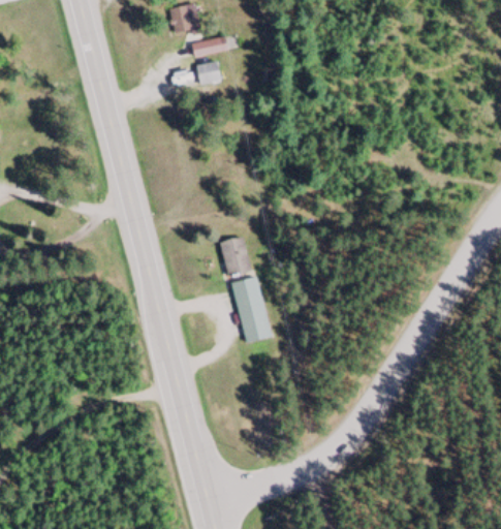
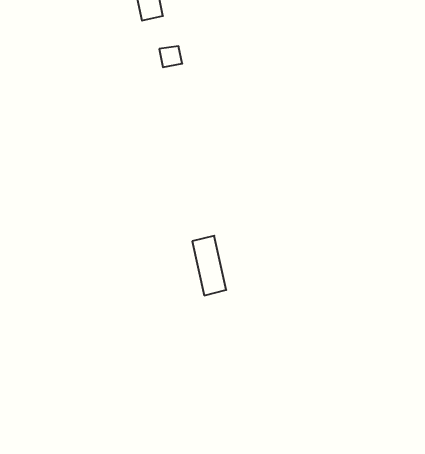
building: [191,36,228,56] -> none
building: [221,236,251,277] -> none

